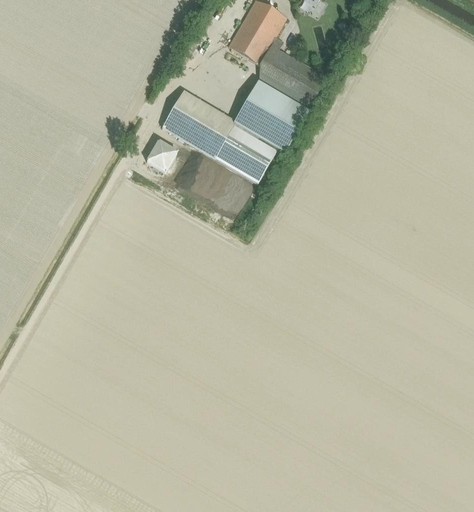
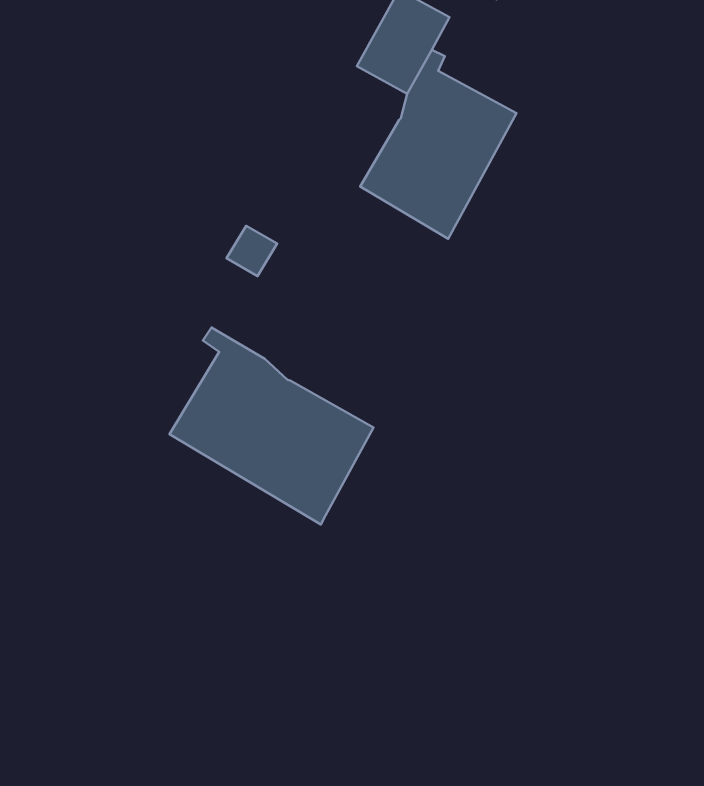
building: [161,89,280,184] -> none
building: none -> [170,327,373,524]

